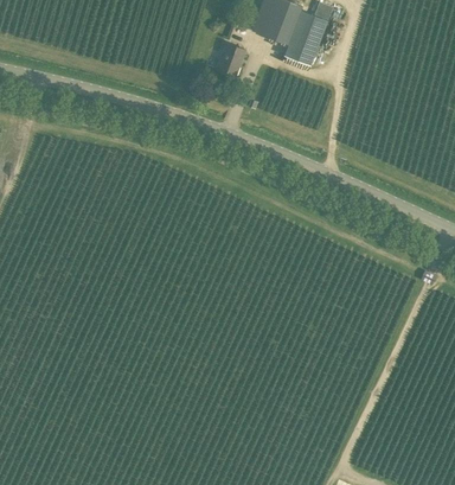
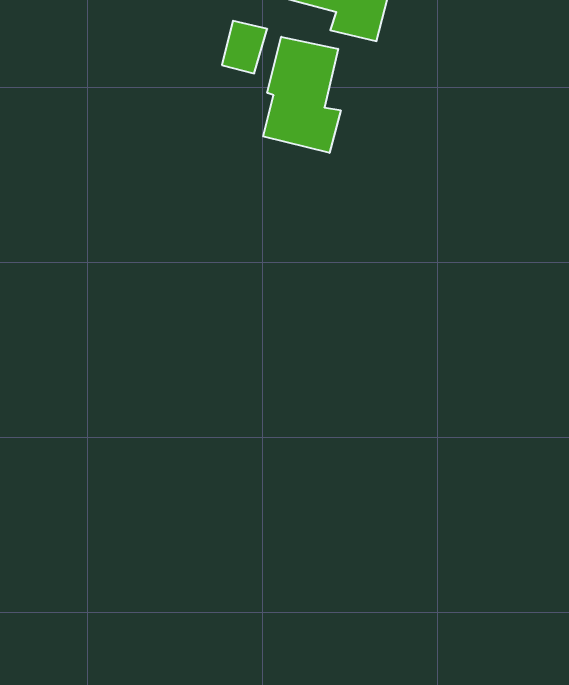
building: none -> [263,37,341,153]

